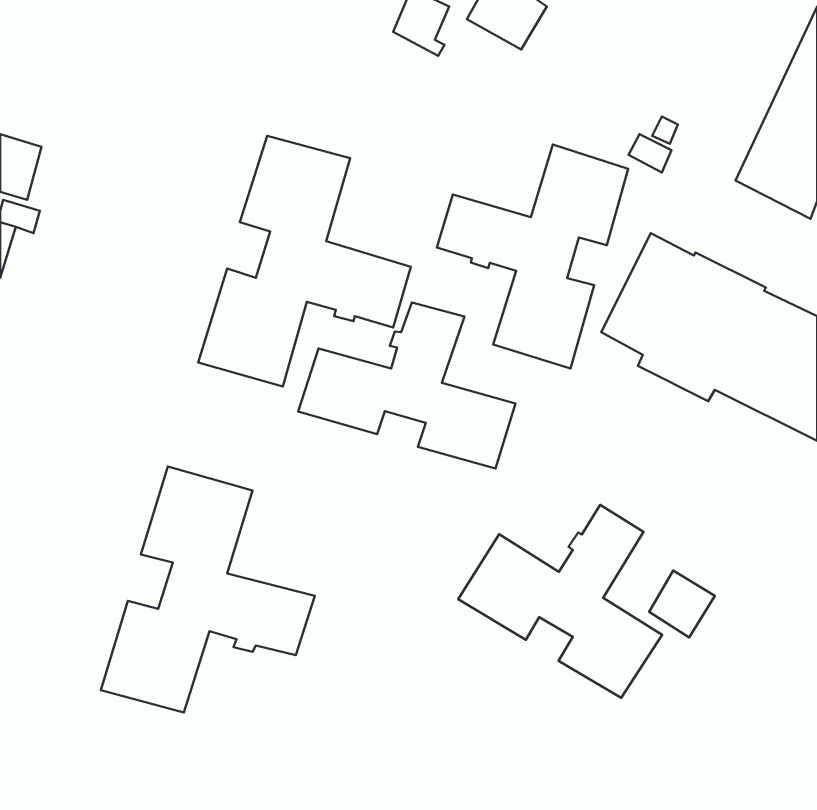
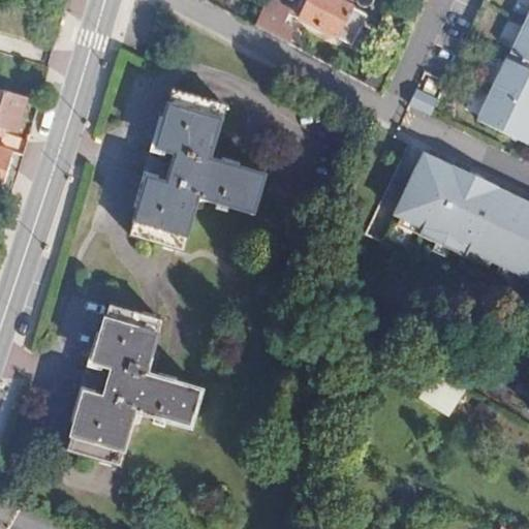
building: [437,145,628,368] -> none
building: [298,302,516,469] -> none
building: [458,505,662,698] -> none

